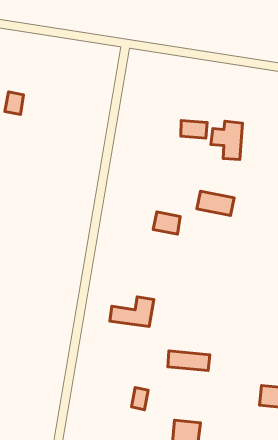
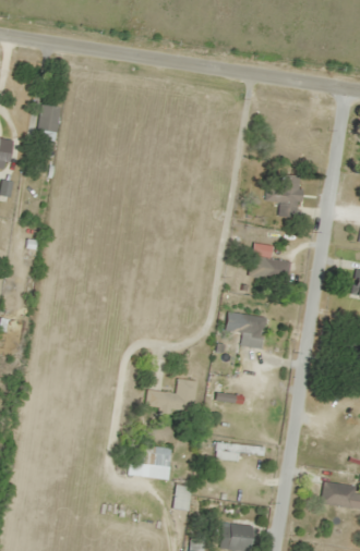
building: [5,92,23,114] -> [38,106,60,132]
building: [181,120,207,138] -> none
building: [153,212,180,234] -> [236,314,267,340]
building: none -> [141,448,170,466]

